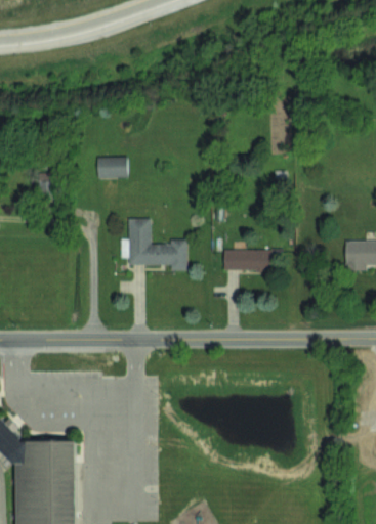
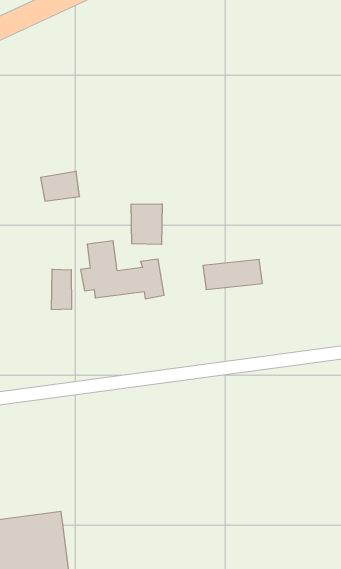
building: none -> [131,204,162,245]
building: none -> [52,269,71,310]

